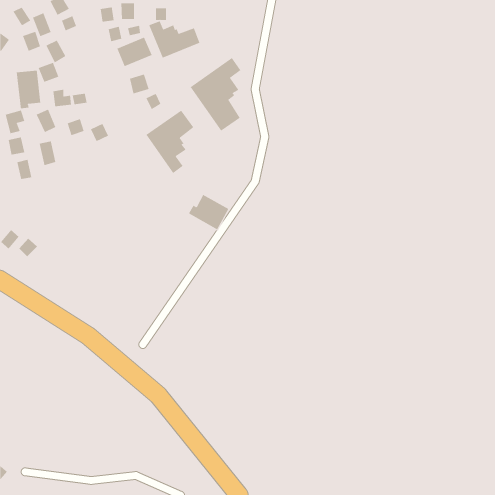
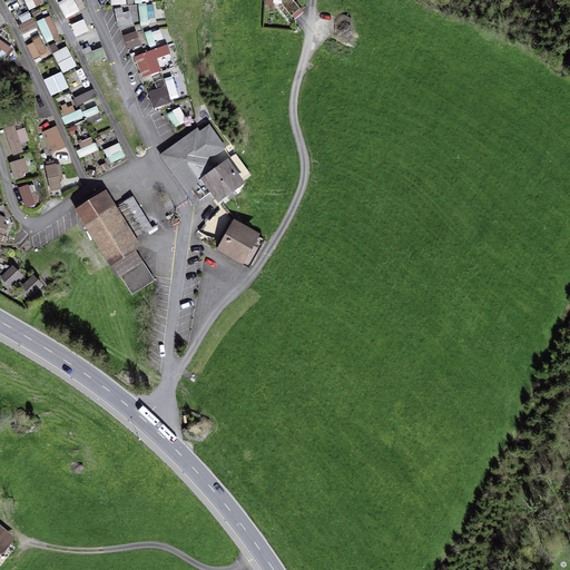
building: [148,20,200,59] -> none
building: [190,57,241,131] -> none
building: [16,70,41,109] -> none
building: none -> [207,165,237,195]
building: none -> [79,193,153,293]

